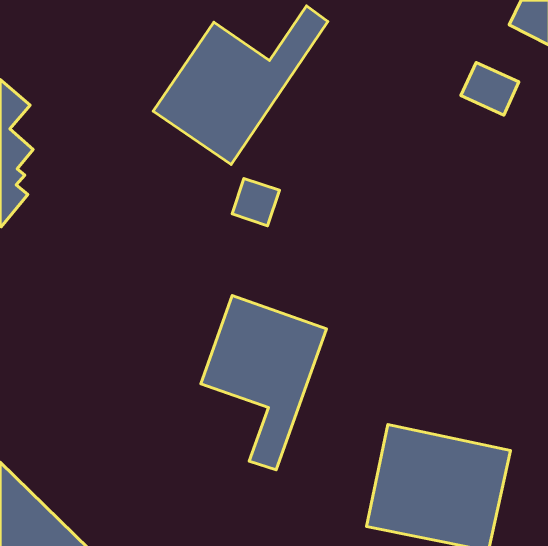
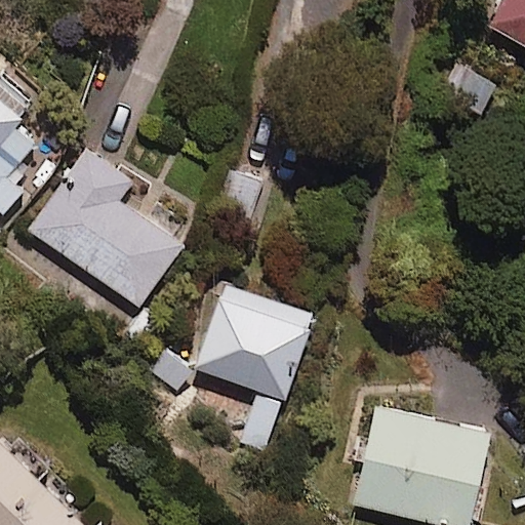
building: [153,6,328,165] -> none
building: none -> [28,145,183,308]

